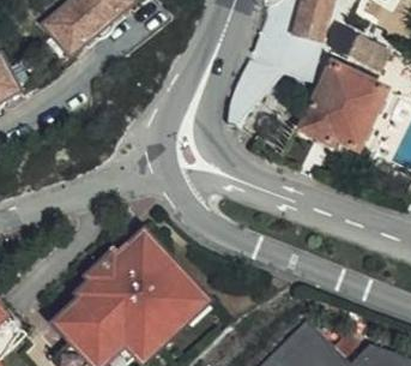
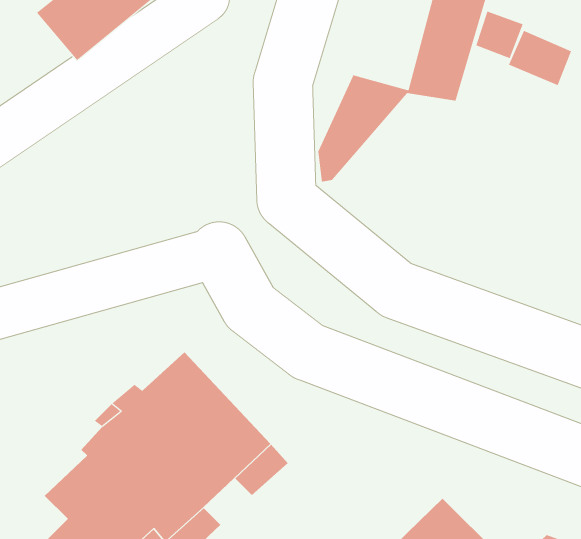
building: [298,56,382,144] -> none

